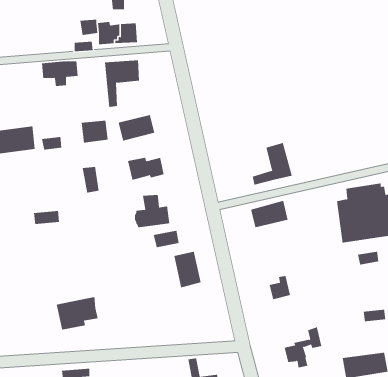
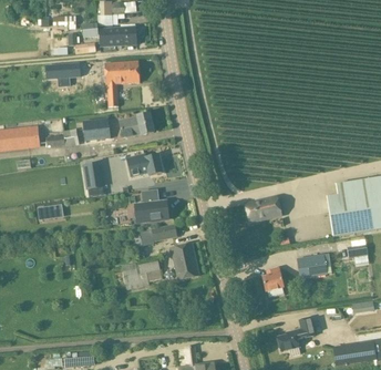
building: [252,142,293,185] -> none
building: none -> [297,253,327,278]
building: [56,297,99,330] -> [121,257,162,289]

